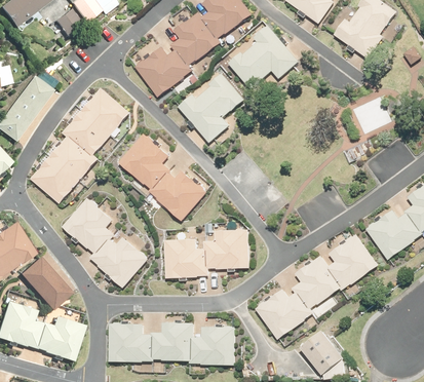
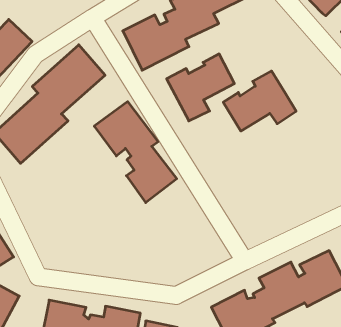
building: [229,27,297,86] -> [223,71,296,131]
building: [61,198,149,282] -> none
building: [165,233,252,278] -> none

